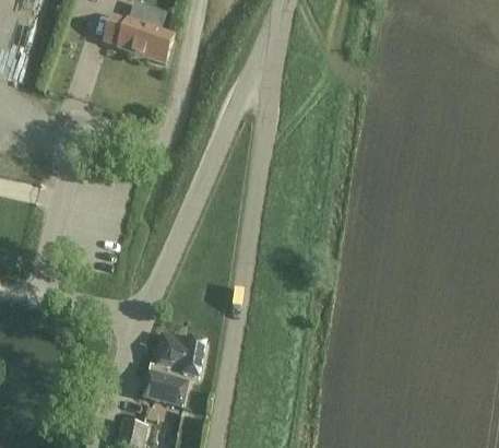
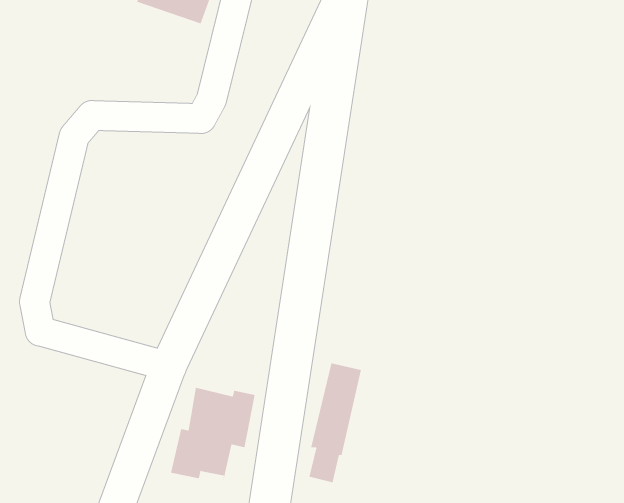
building: none -> [309,363,361,483]

